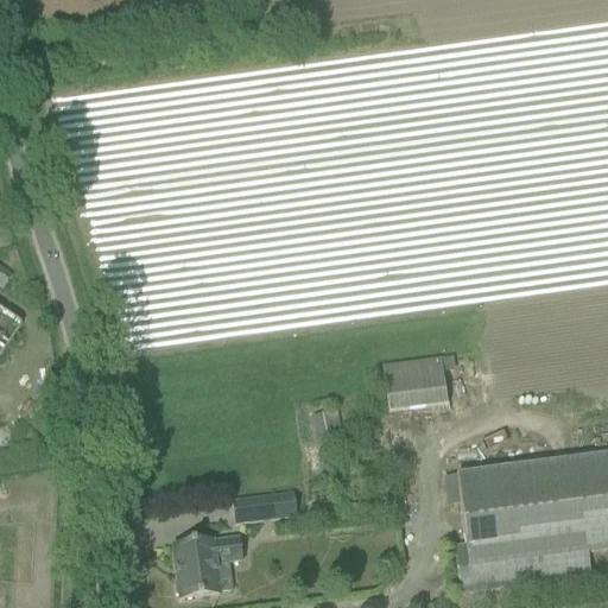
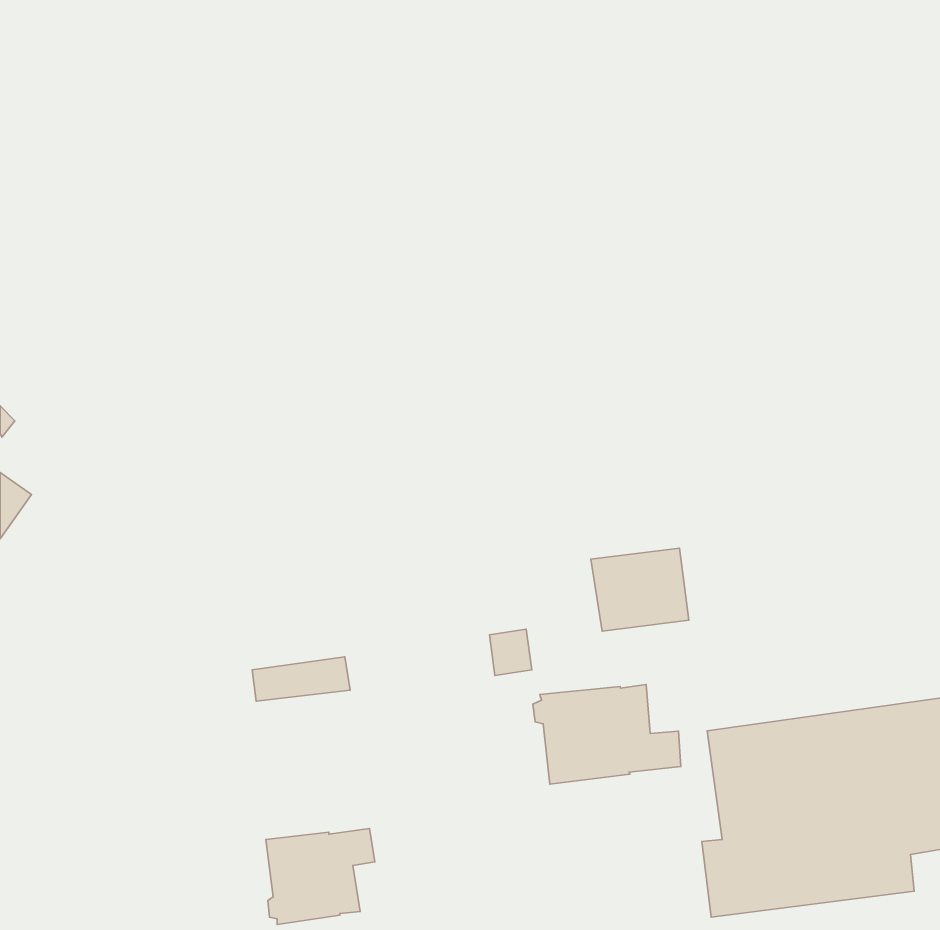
building: none -> [533,684,681,784]
building: [234,490,297,519] -> [252,657,350,701]

